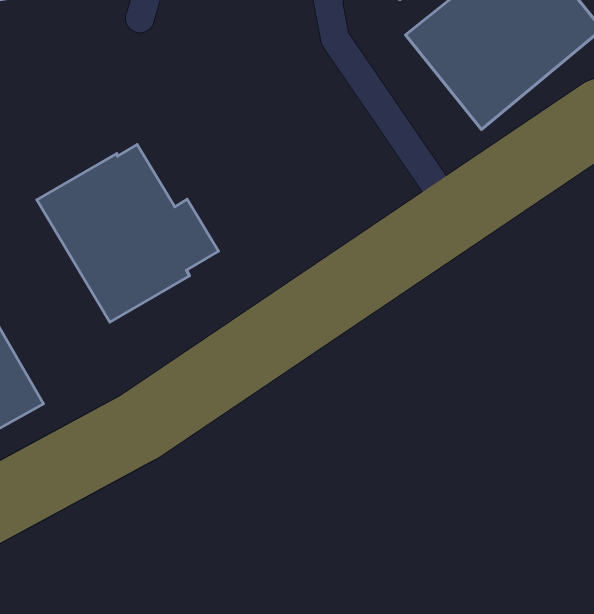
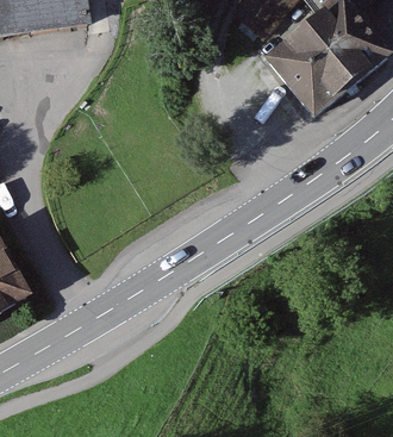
building: [37,145,218,322] -> none

